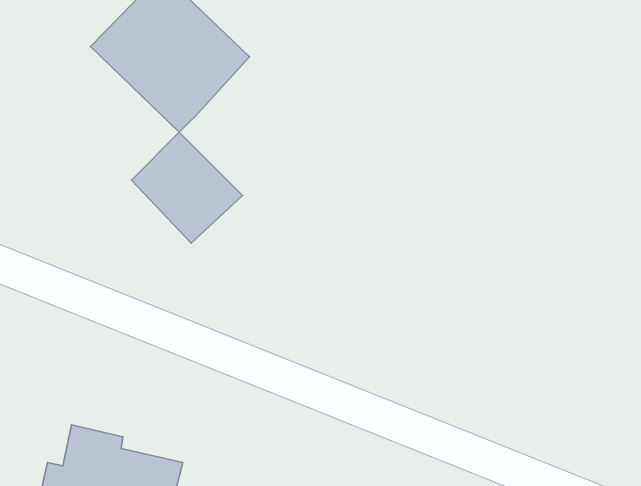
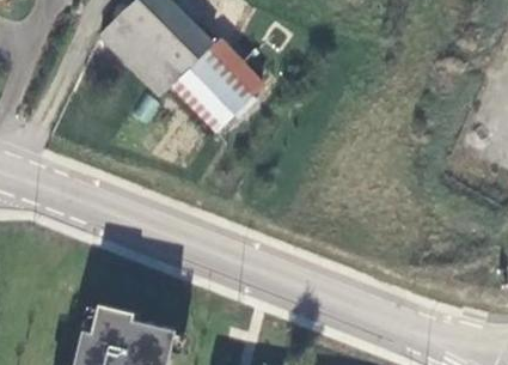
building: [131,132,243,243] -> [176,53,253,130]

